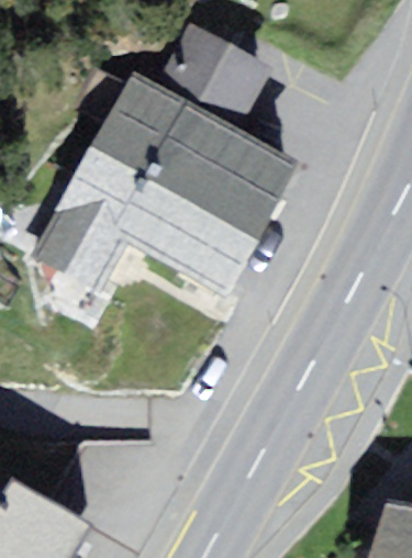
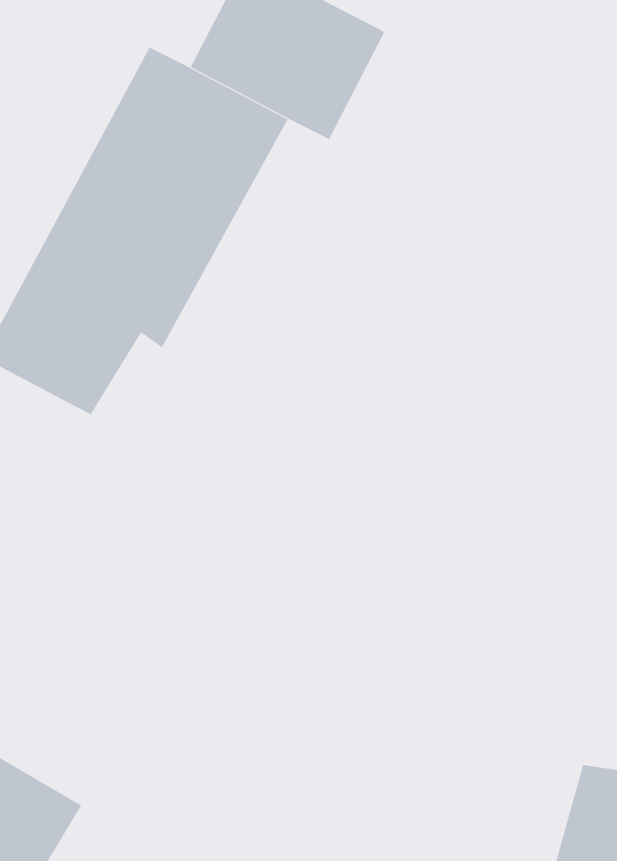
building: [138,119,297,299] -> none

